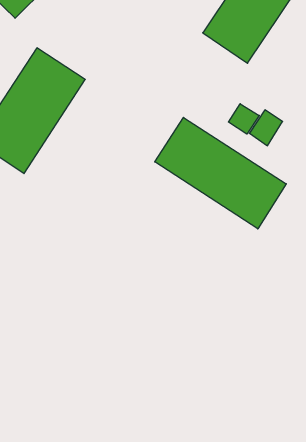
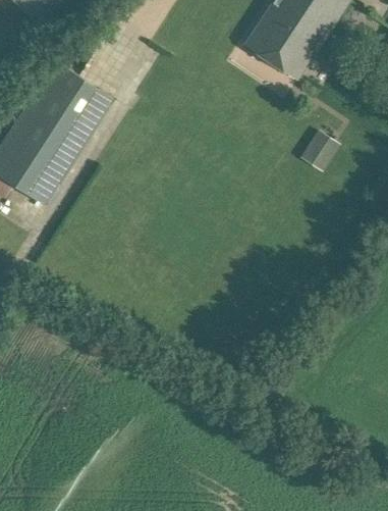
building: [228,104,259,134] -> none
building: [155,117,286,229] -> none

